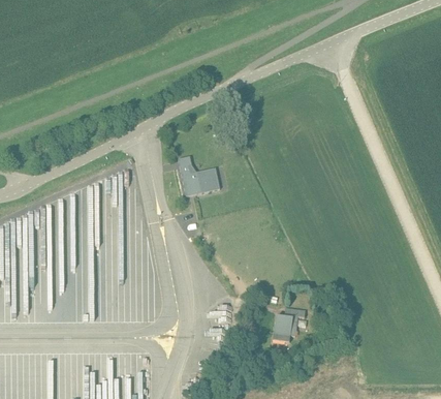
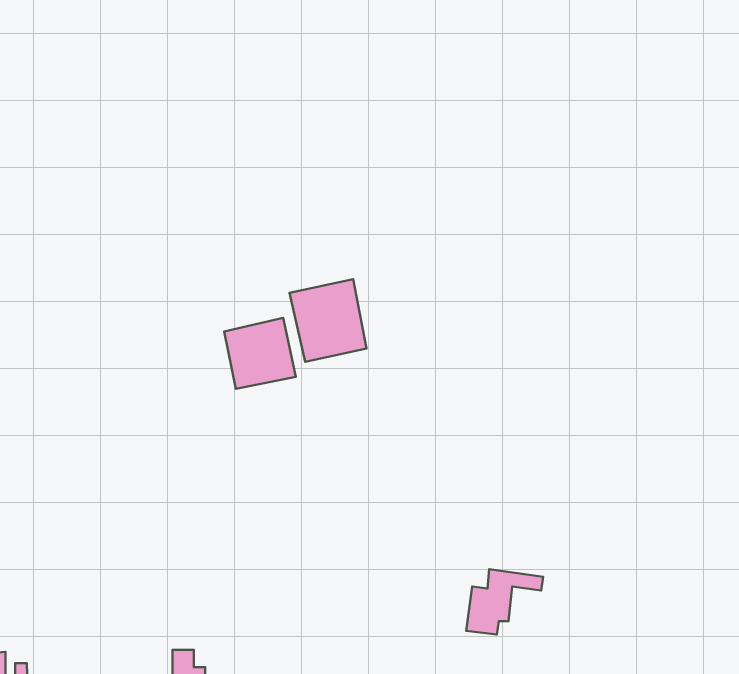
building: none -> [224,318,296,389]

